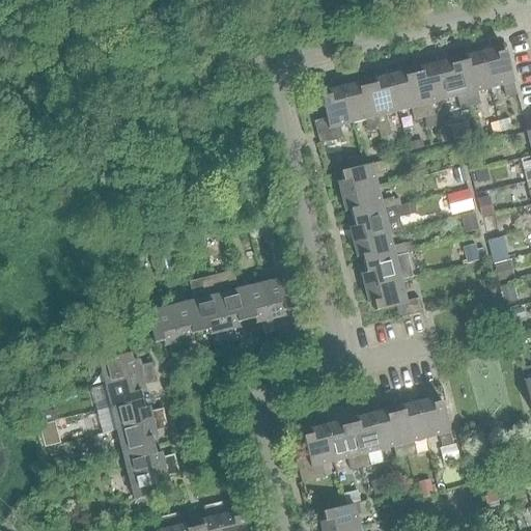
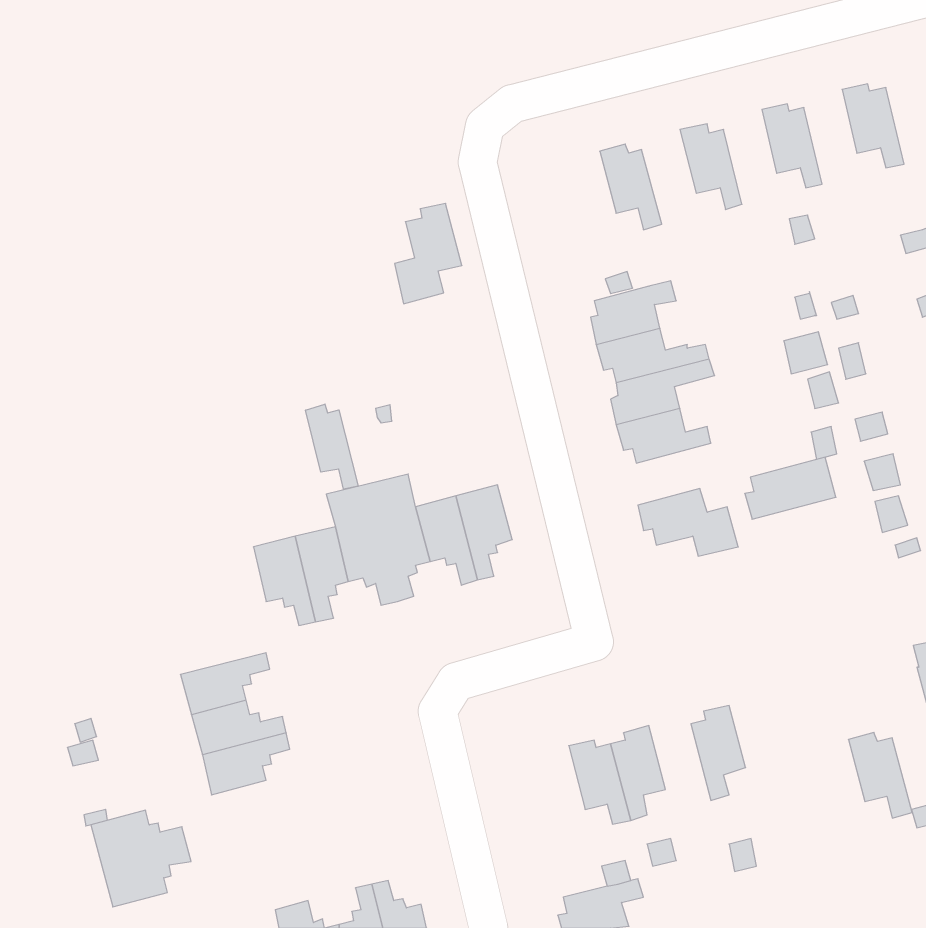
building: [460,51,491,105] -> none
building: [415,62,445,116] -> none
building: [368,74,399,128] -> none
building: [315,86,354,143] -> [395,203,462,304]
building: none -> [306,404,358,489]
building: [362,252,414,287] -> [745,457,836,519]
building: [101,352,155,384] -> none
building: [418,397,454,446] -> [848,732,912,818]
building: [372,409,408,457] -> none
building: [298,424,336,481] -> none
building: [123,444,180,499] -> [91,810,191,907]

